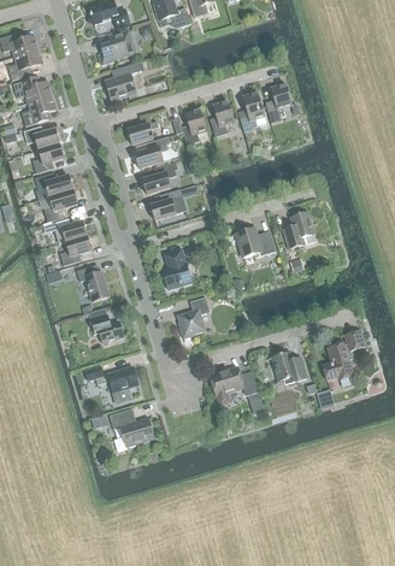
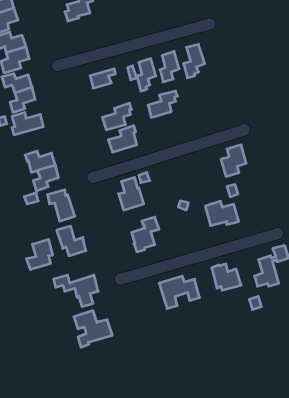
building: [106,61,141,99] -> none
building: [266,83,291,122] -> none
building: [135,136,170,167] -> [148,91,178,117]
building: [37,189,77,222] -> none
building: [236,226,276,255] -> [205,201,239,226]
building: none -> [26,239,52,270]

